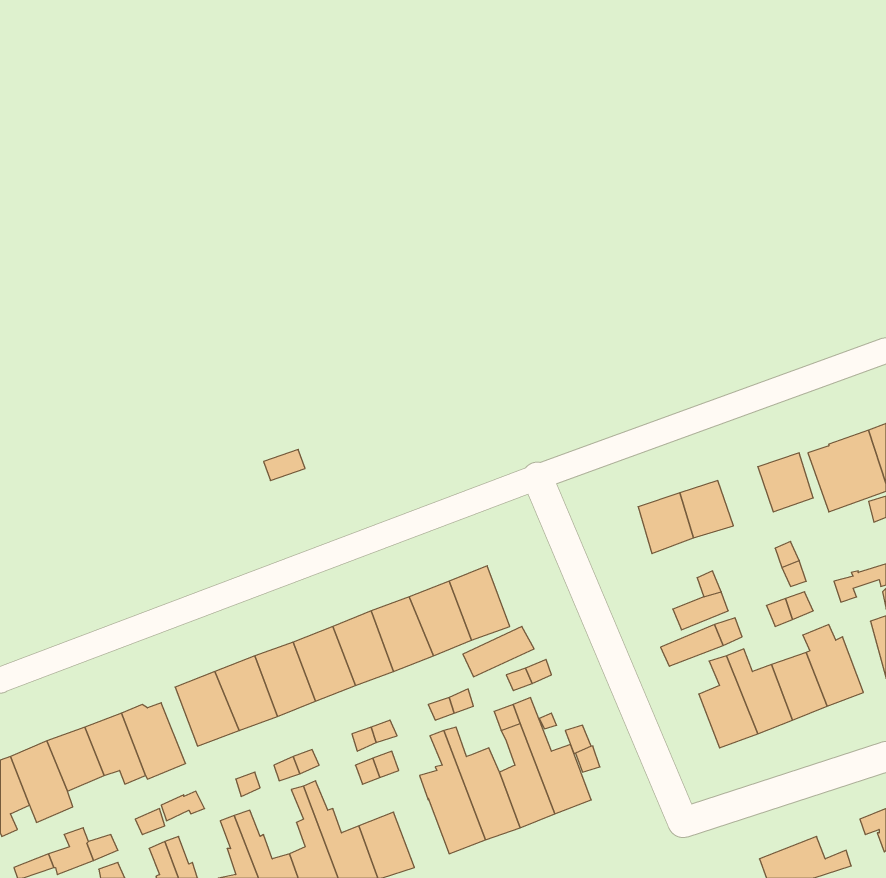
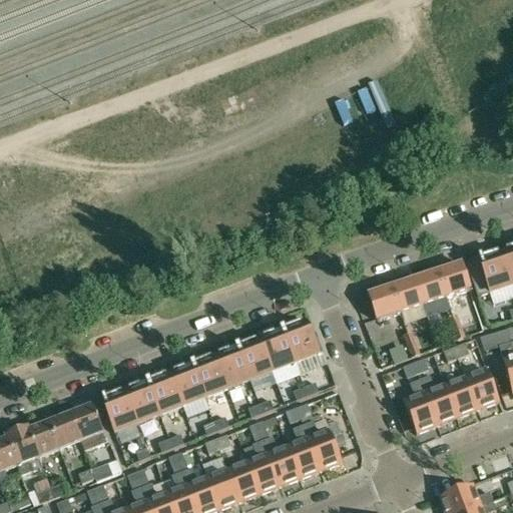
building: none -> [415,270,447,304]
building: none -> [282,318,323,362]
building: none -> [227,461,260,501]

